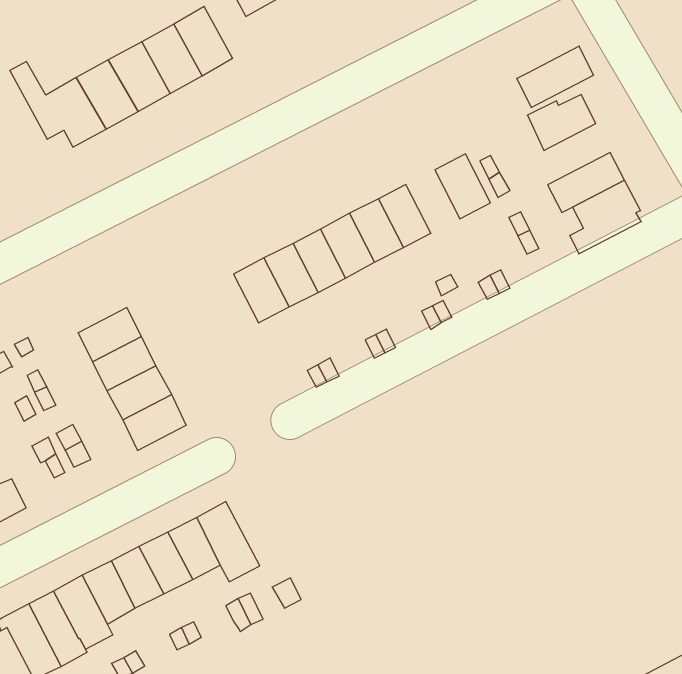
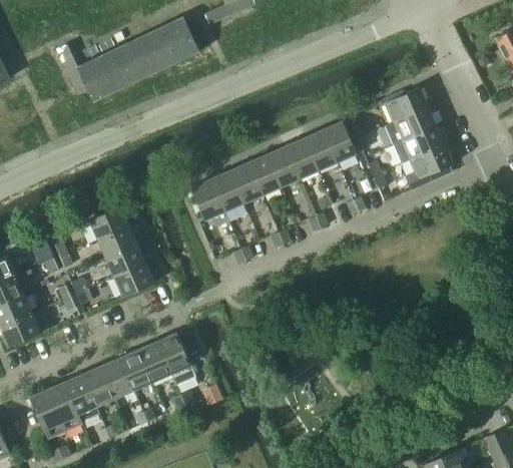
building: [517,46,594,107] -> [386,107,435,144]
building: none -> [304,130,337,170]

